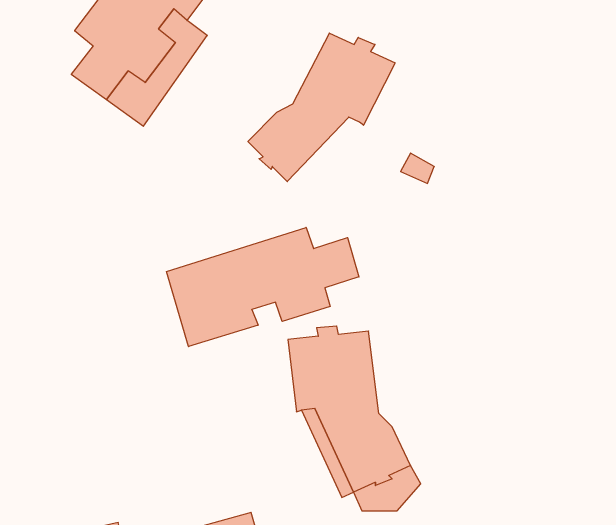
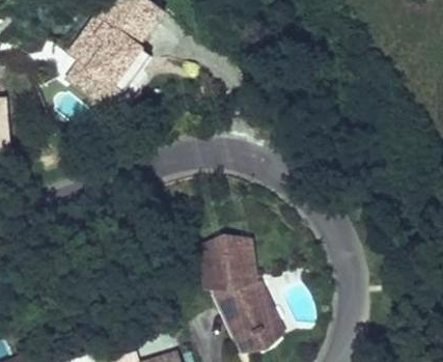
building: [248,33,395,182] -> none
building: [167,227,359,347] -> none

